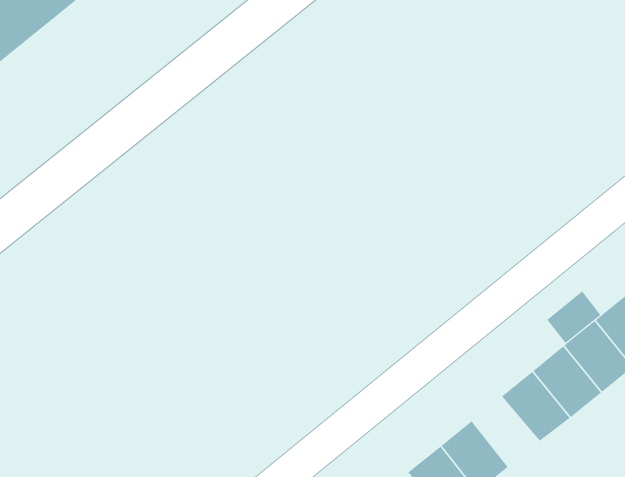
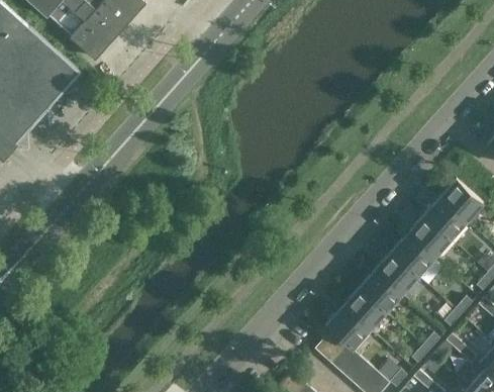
building: [546,291,601,344] -> none
building: none -> [359,270,401,311]

